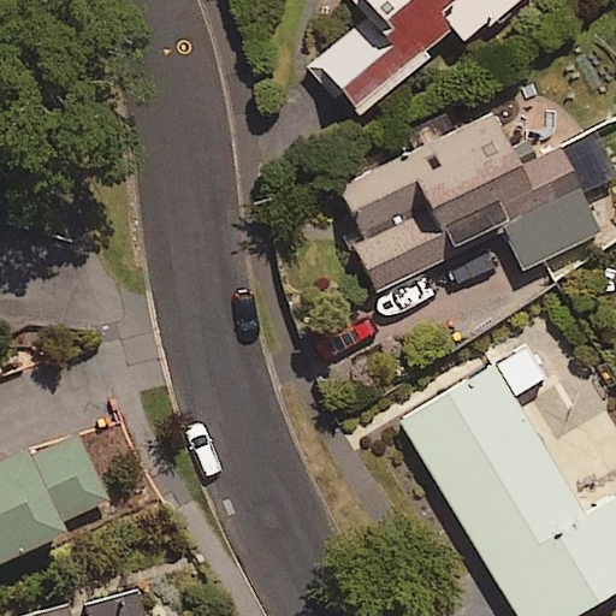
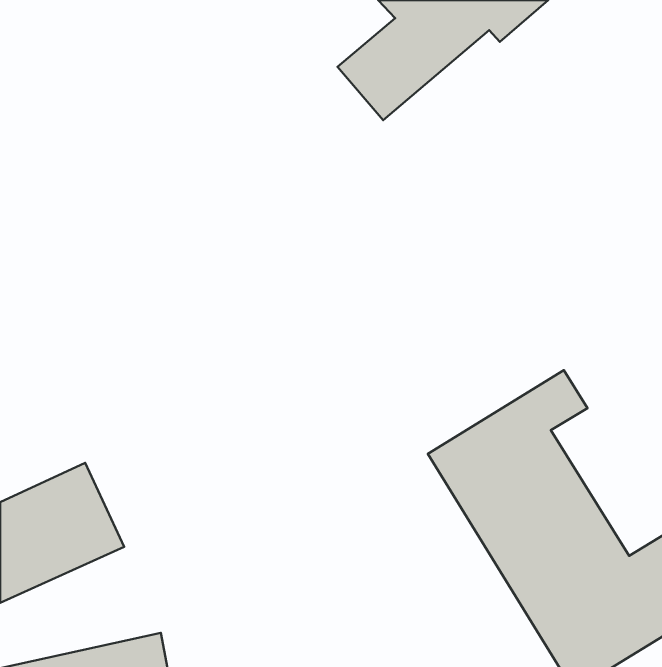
building: [325,112,600,295] -> none

